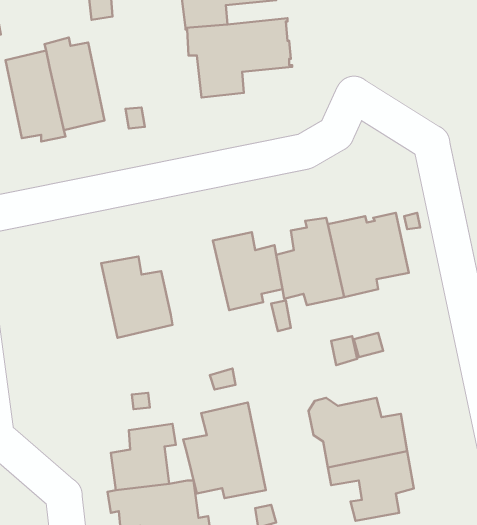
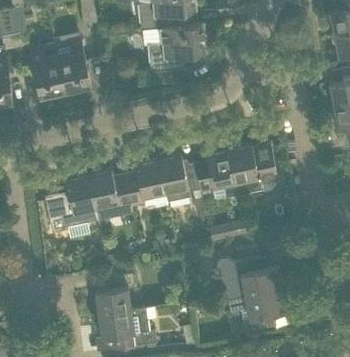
building: none -> [126,161,168,208]
building: none -> [45,175,99,234]
building: [183,402,266,498] -> none

